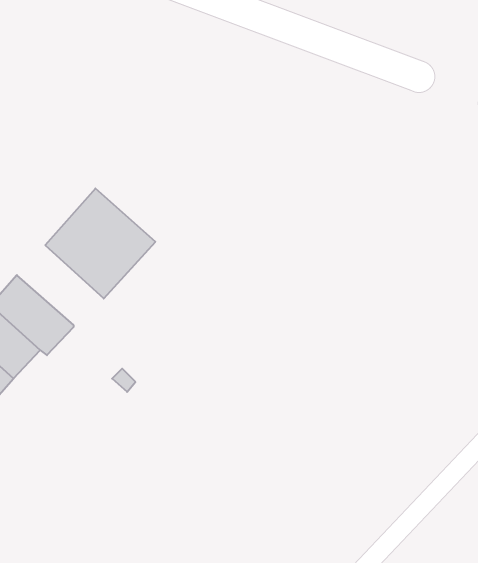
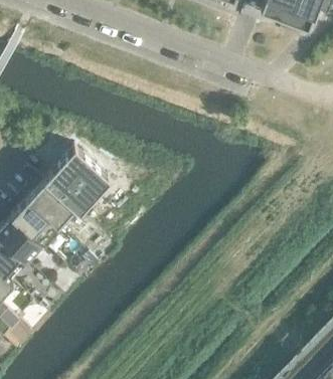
building: none -> [28,180,80,230]

